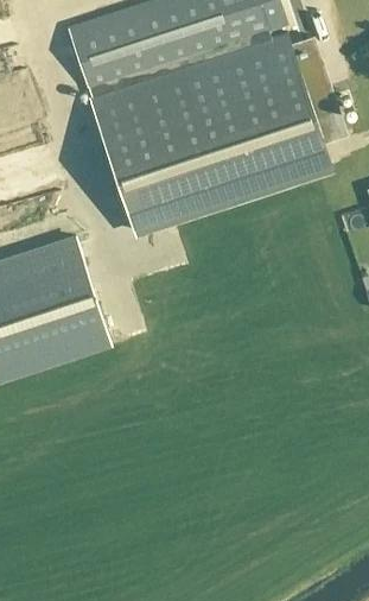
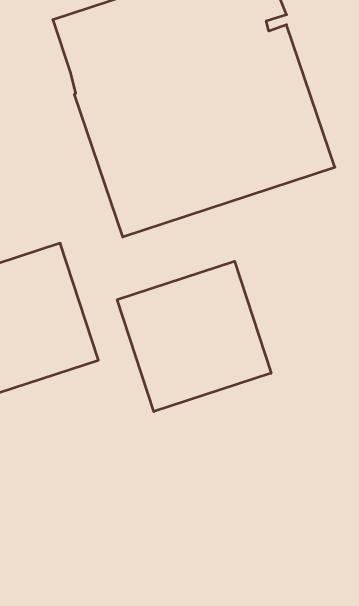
building: none -> [117,261,271,412]

